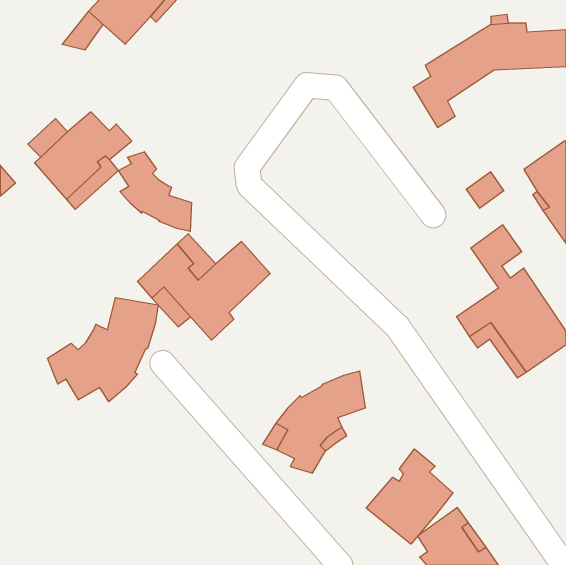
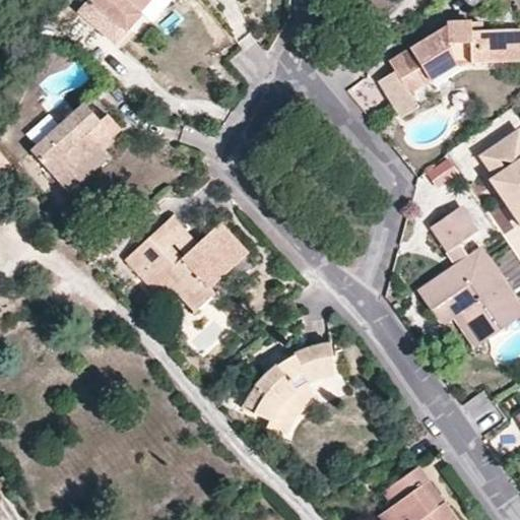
building: [119,152,191,232] -> none
building: [48,298,158,402] -> none
building: [366,449,453,544] -> none

